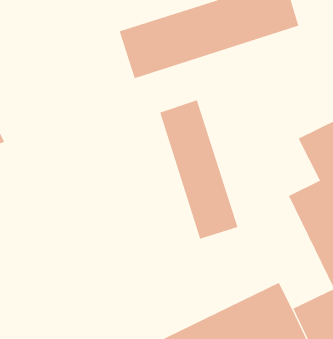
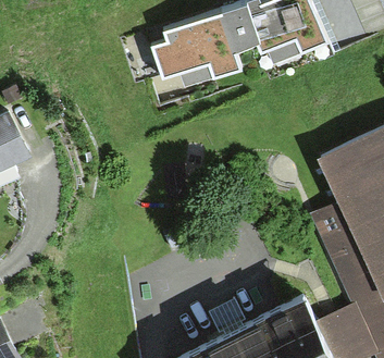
building: [159,99,238,239] -> none

